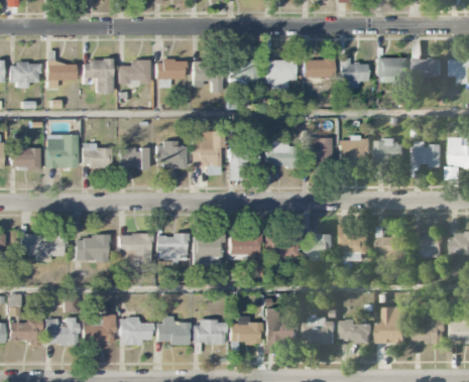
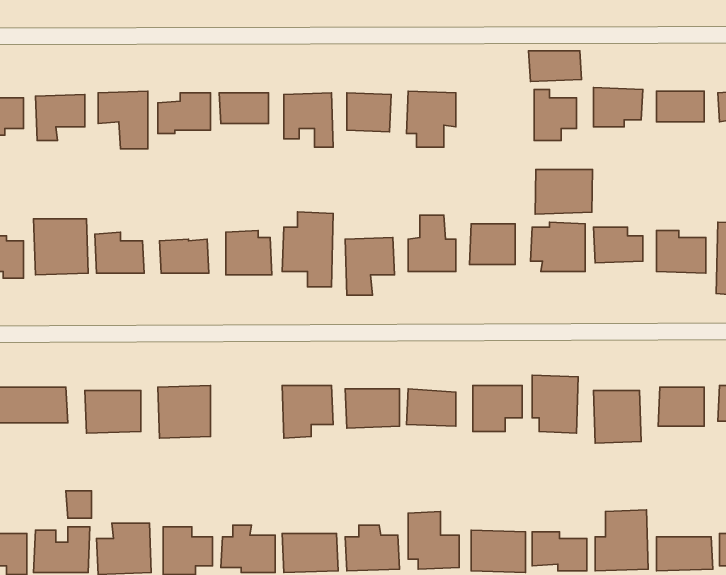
building: [303,59,334,78] -> [529,51,581,81]
building: none -> [535,170,592,214]
building: [156,235,186,260] -> none

